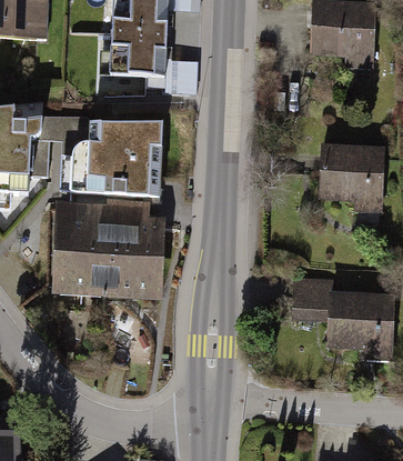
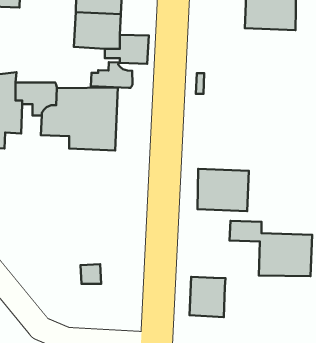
building: none -> [91,62,133,88]
building: [321,148,382,198] -> [197,169,249,211]
building: [60,203,158,294] -> none
building: none -> [190,277,226,317]

